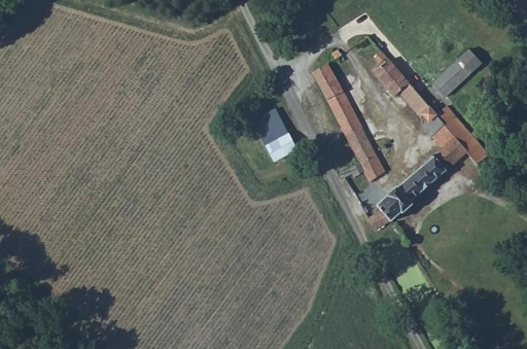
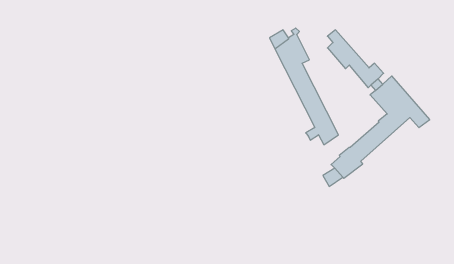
building: [432,48,482,97] -> none
building: [252,110,298,165] -> none

